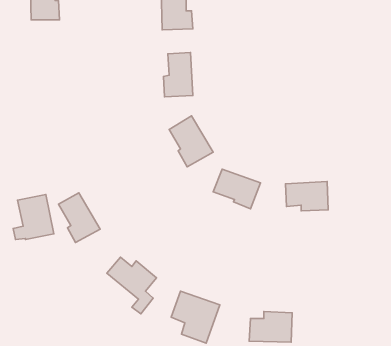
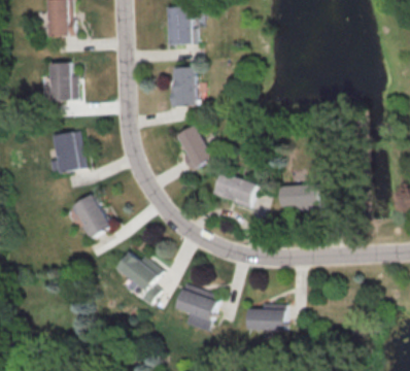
building: none -> [50,62,77,100]
building: [13,194,54,240] -> [48,130,86,171]

